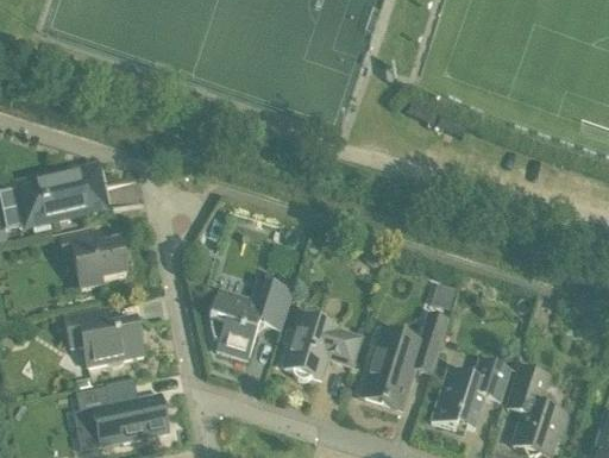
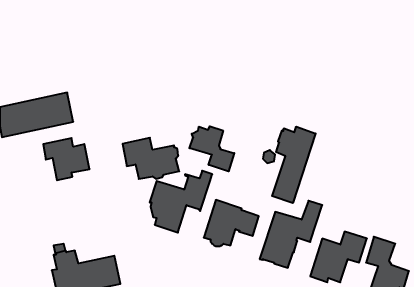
building: none -> [189,126,234,171]
building: none -> [272,127,316,203]
building: [65,307,144,364] -> [123,138,179,179]

